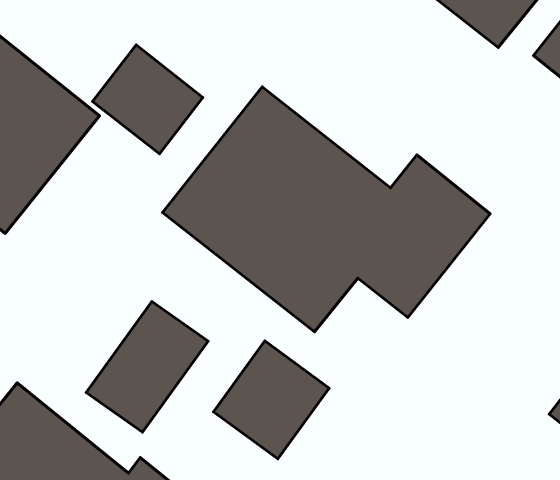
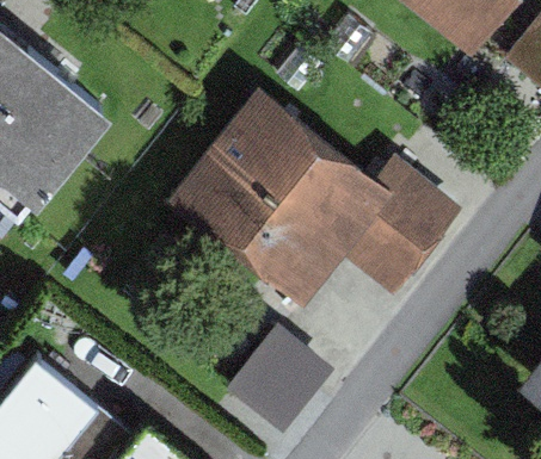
building: [93,45,203,154] -> none
building: [86,301,208,432] -> none

